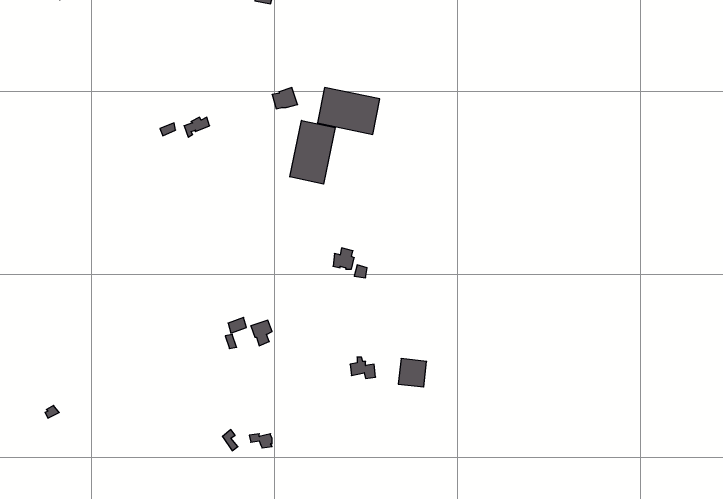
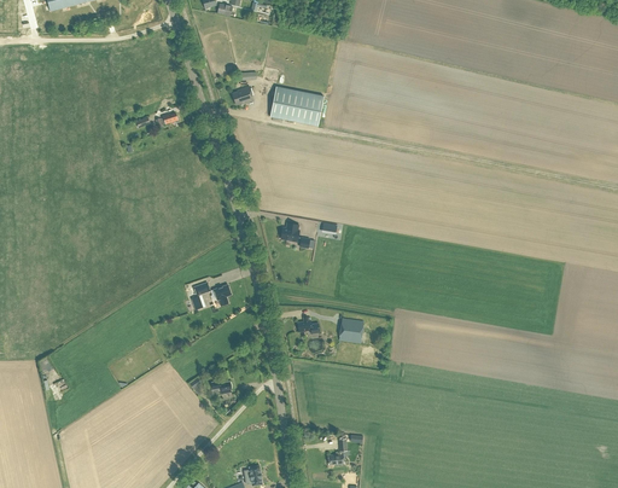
building: [290,120,335,184] -> none

